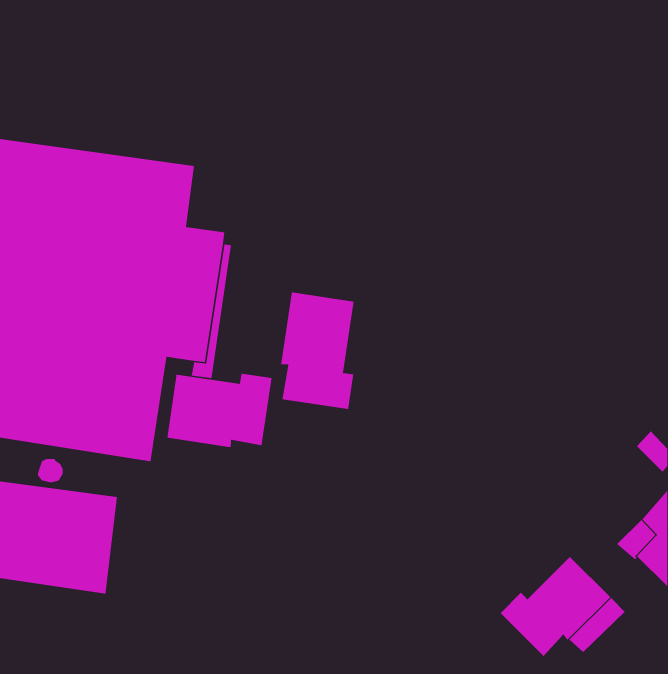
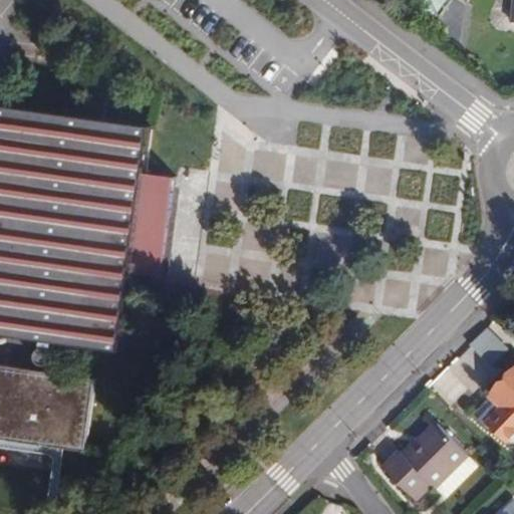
building: [280,292,355,410] -> none
building: [166,373,272,448] -> none

